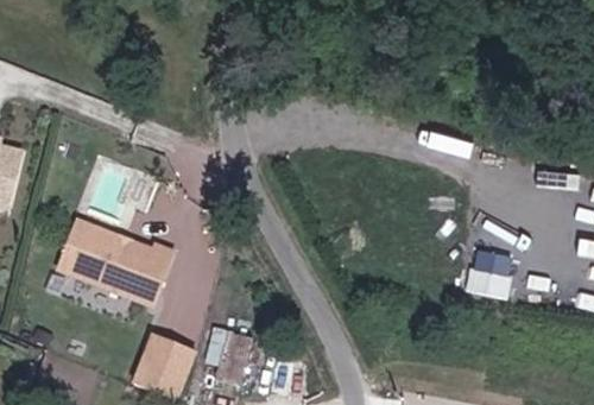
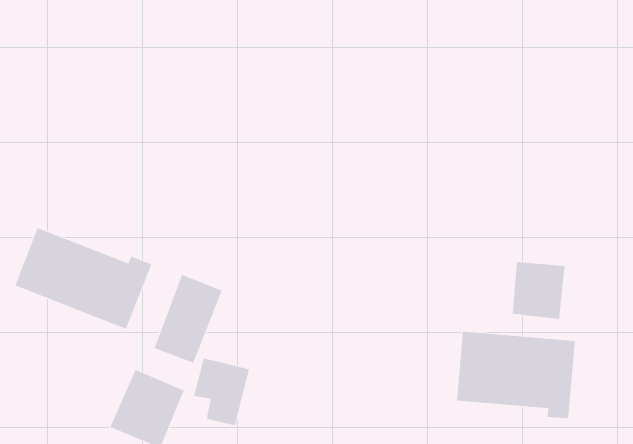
building: none -> [154,274,222,363]
building: none -> [456,331,575,419]

